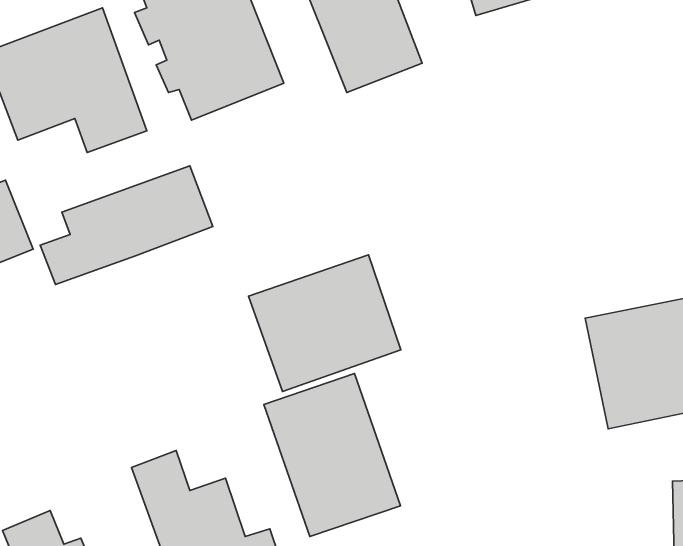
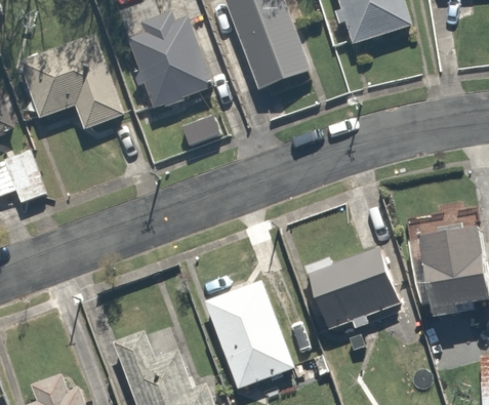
building: [40,166,213,284] -> none
building: [249,255,401,391] -> [303,246,405,337]

